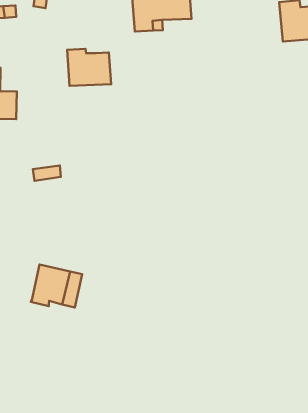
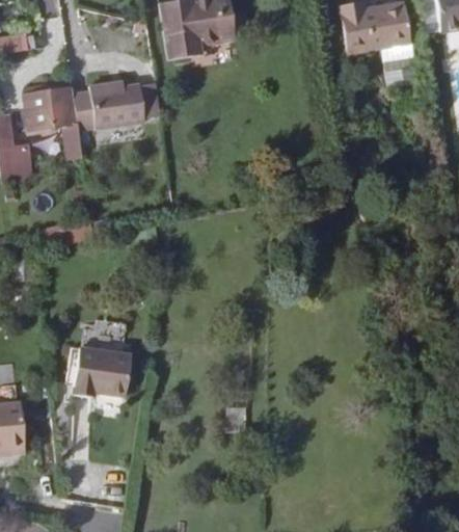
building: none -> [24,88,83,158]

